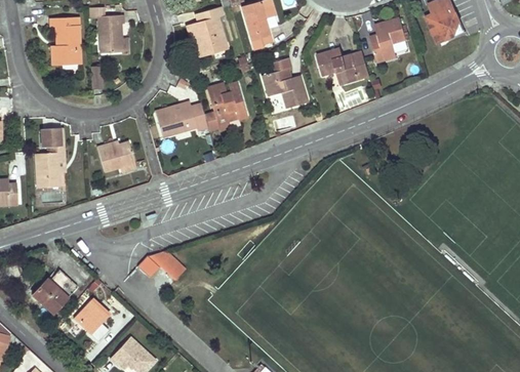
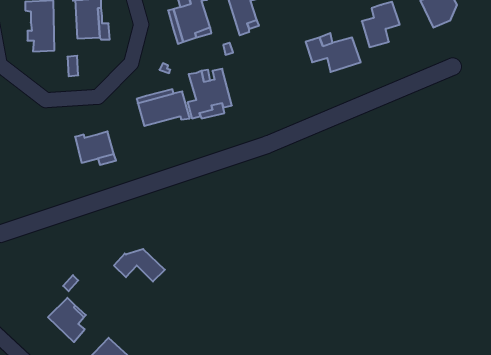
building: [263,58,308,108] -> none
building: [36,128,66,188] -> none
building: [33,271,77,313] -> none

